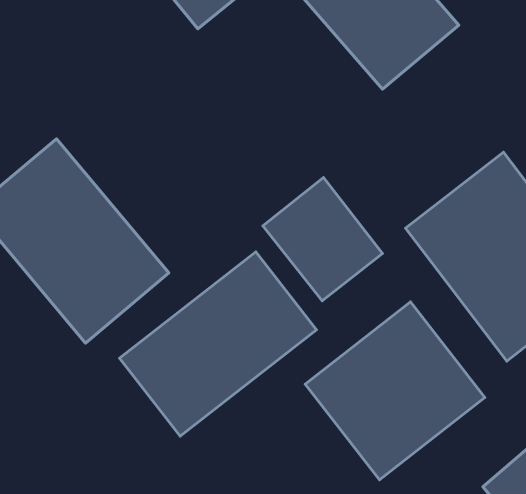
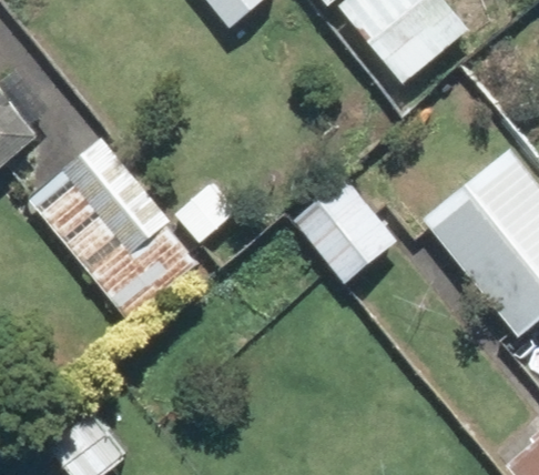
building: [120,252,317,436] -> none
building: [305,302,485,480] -> none

